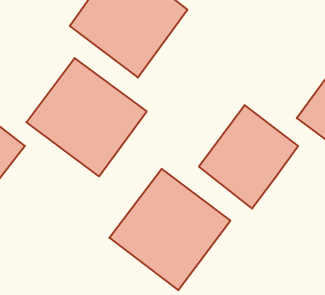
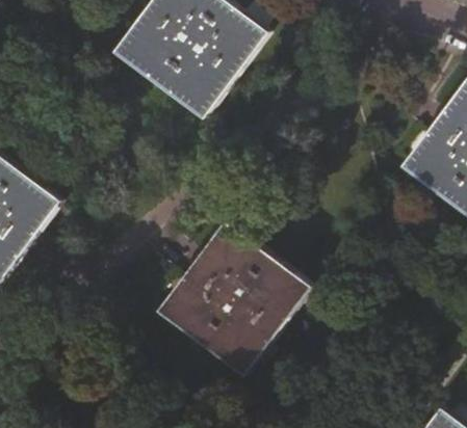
building: [26,58,147,176] -> none
building: [199,105,298,209] -> none

